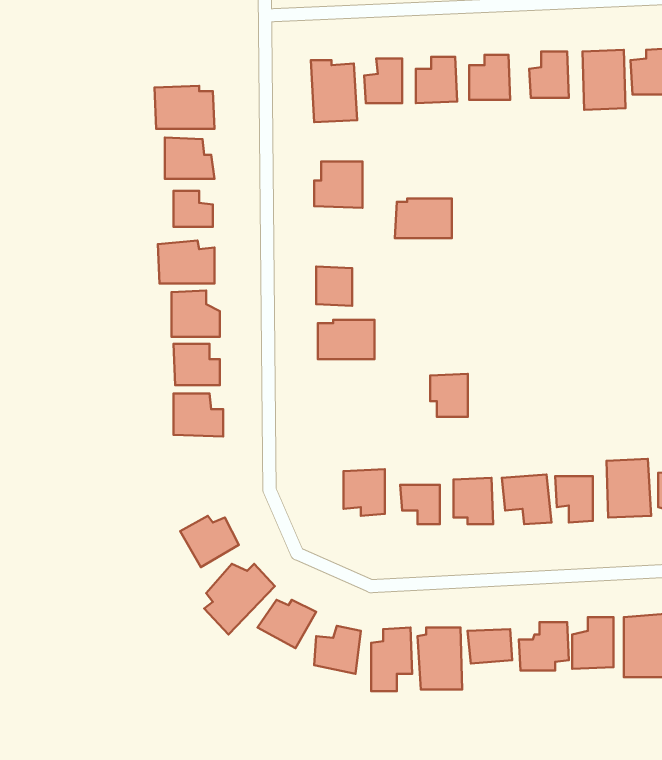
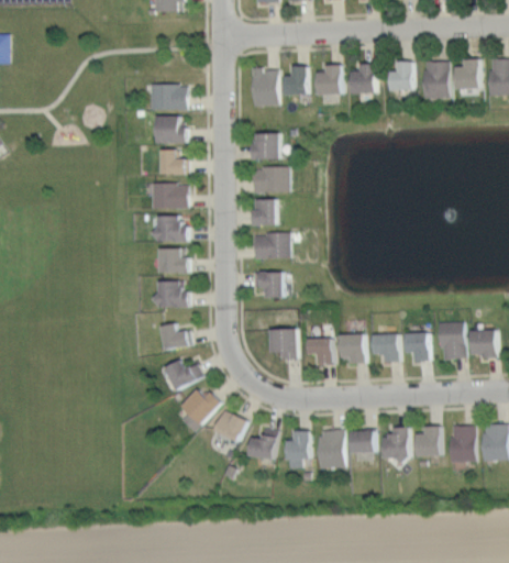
building: [395,199,452,238] -> [252,167,288,192]
building: [430,374,468,417] -> [258,271,283,298]
building: none -> [158,324,192,349]

